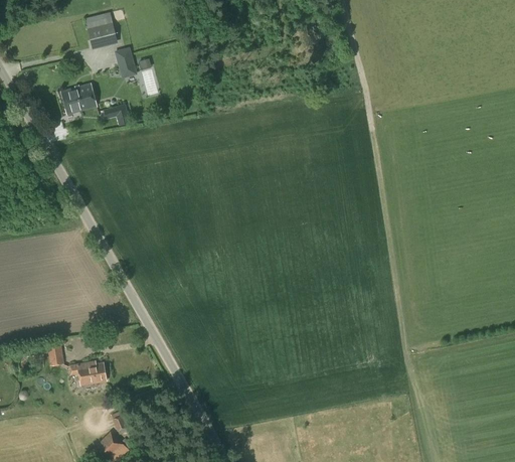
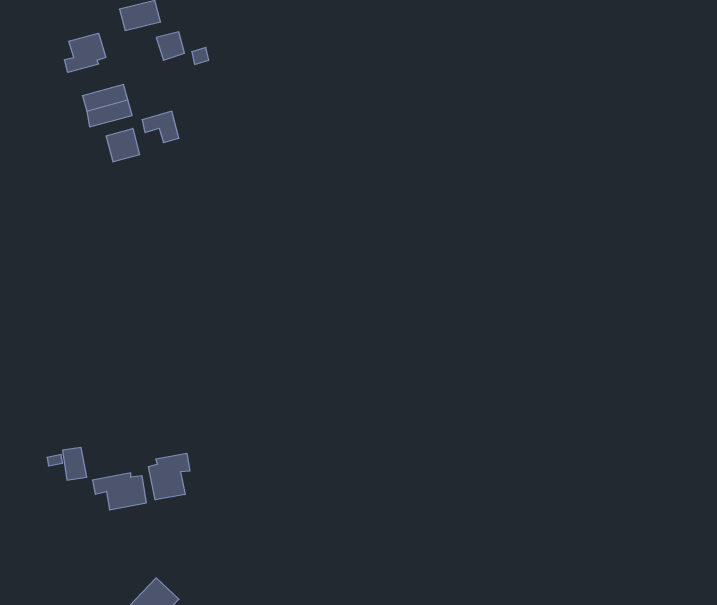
building: none -> [65,33,106,72]
building: none -> [106,128,140,162]
building: none -> [148,453,190,500]

